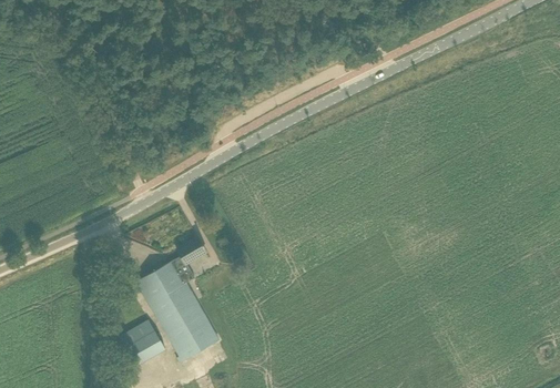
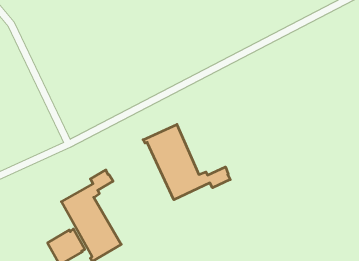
building: none -> [143,124,230,200]

